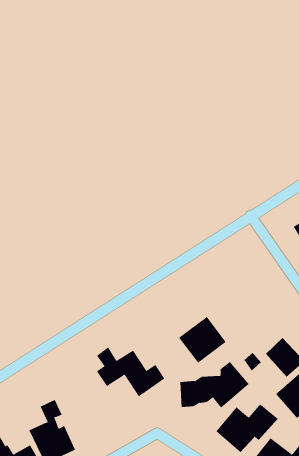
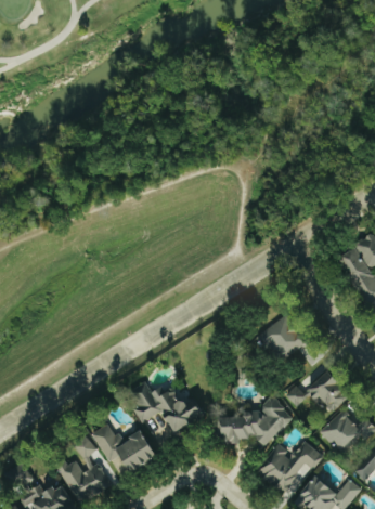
building: [178,316,227,364] -> [256,314,307,364]
building: none -> [92,422,157,478]

